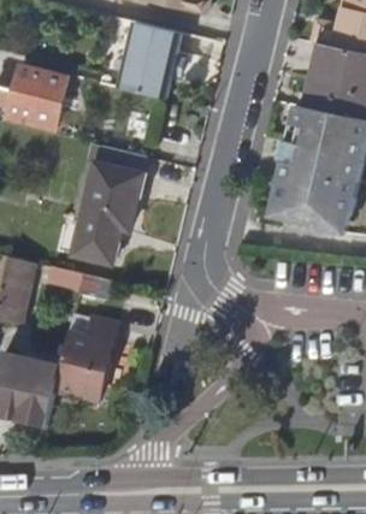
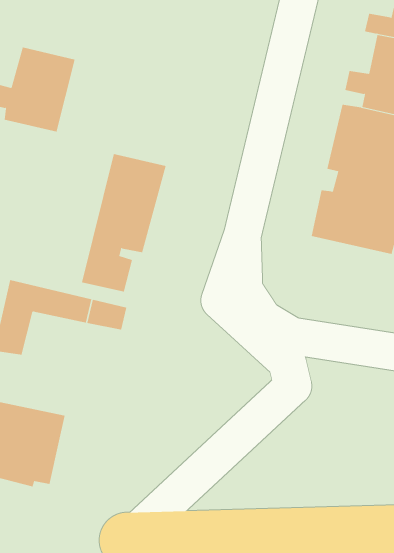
building: [119,23,181,99] -> none
building: [54,317,117,404] -> none

